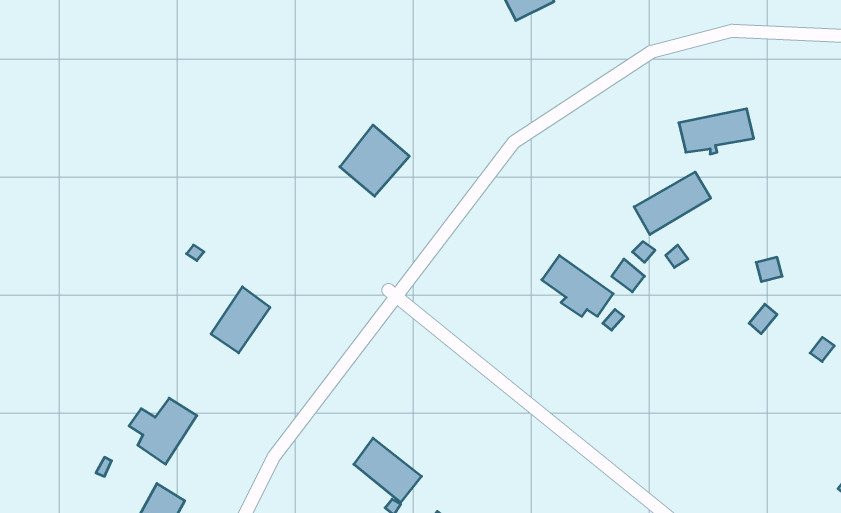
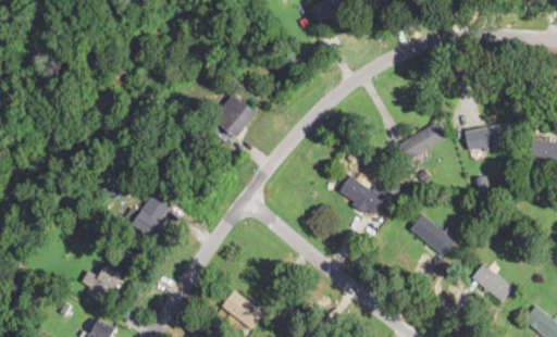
building: [679,109,754,154] -> [465,123,511,151]
building: none -> [410,214,456,257]
building: none -> [472,263,513,301]

